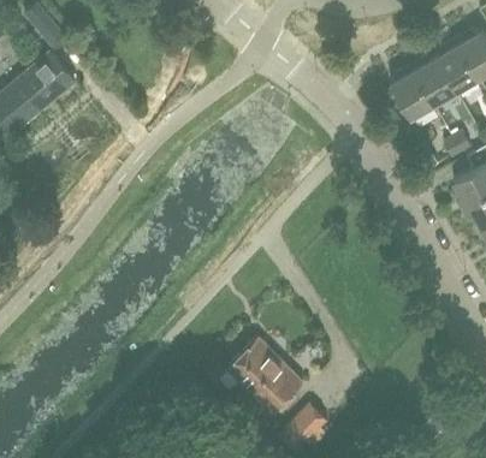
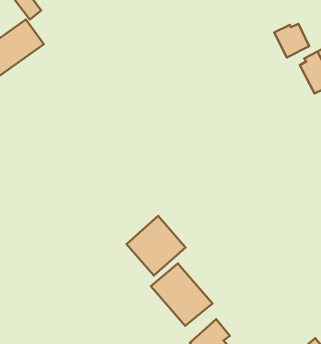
building: none -> [274,24,309,58]
building: none -> [126,216,186,276]

